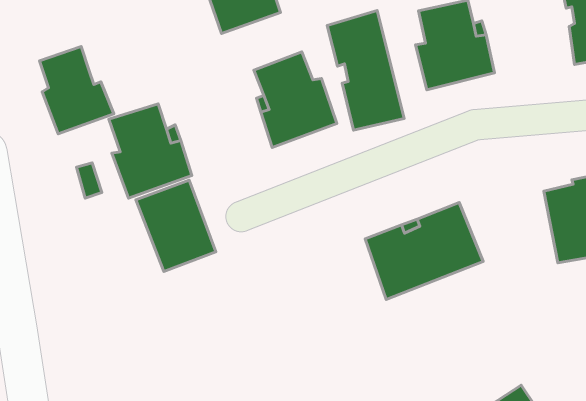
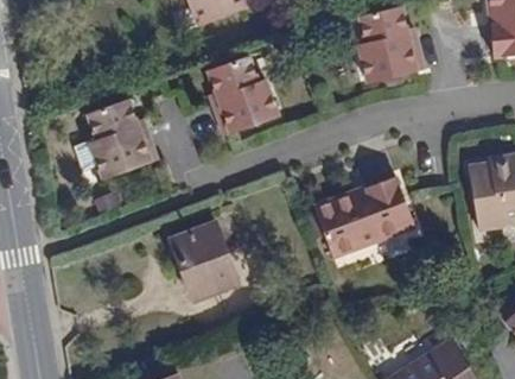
building: [327,10,404,130] -> none
building: [39,47,114,134] -> none
building: [136,180,216,272] -> [170,222,237,299]

